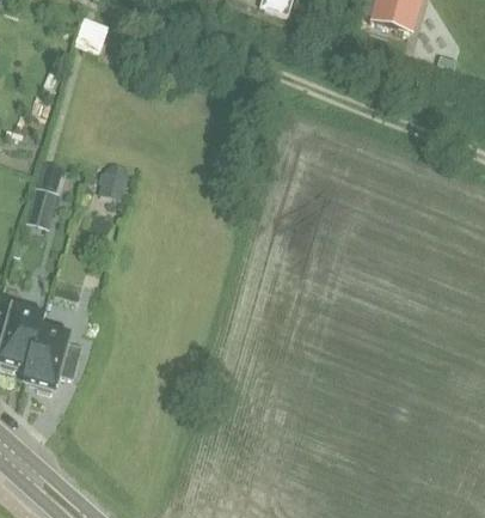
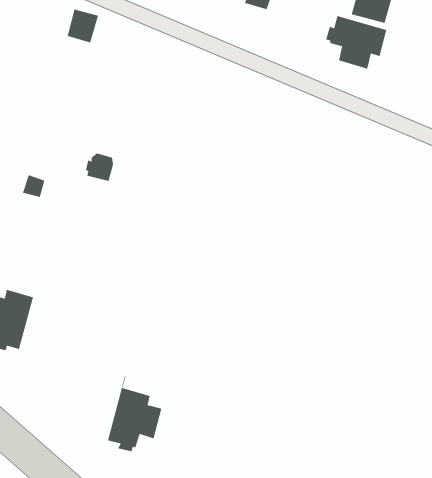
building: none -> [326,12,387,69]
building: [25,313,82,392] -> [107,376,162,452]

